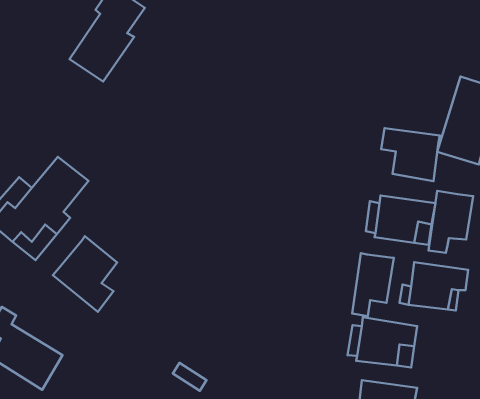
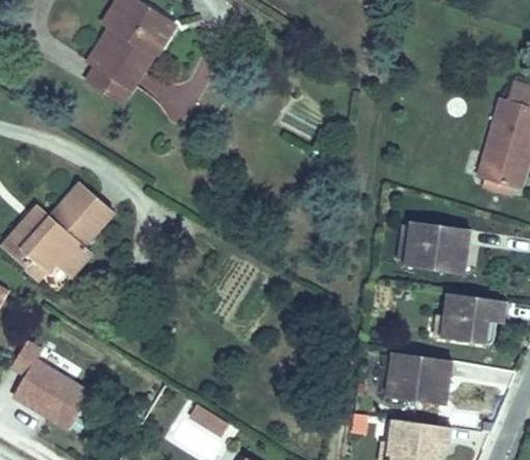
building: [381,128,440,181] -> none
building: [429,191,473,253] -> none
building: [53,236,117,312] -> none
building: [352,253,394,316] -> none

